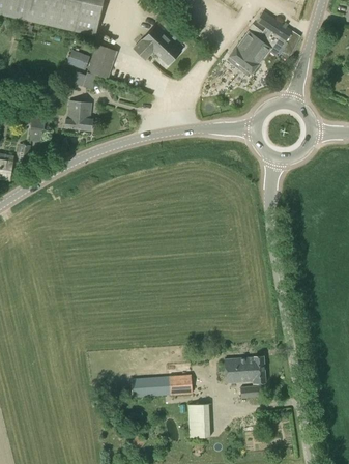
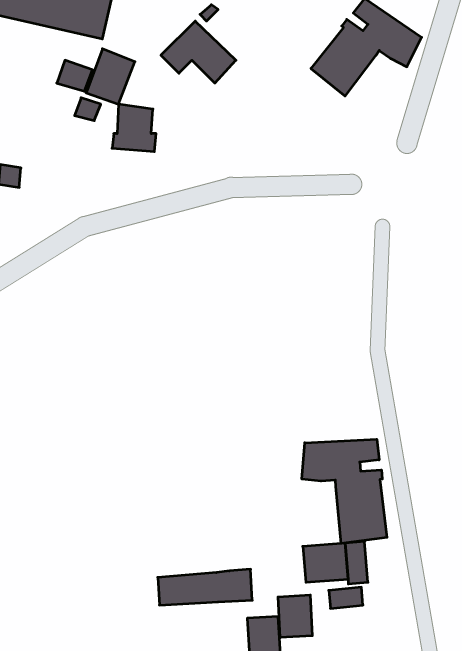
building: [64,99,92,129] -> [112,104,156,152]
building: none -> [302,439,387,543]
building: none -> [278,595,312,638]

